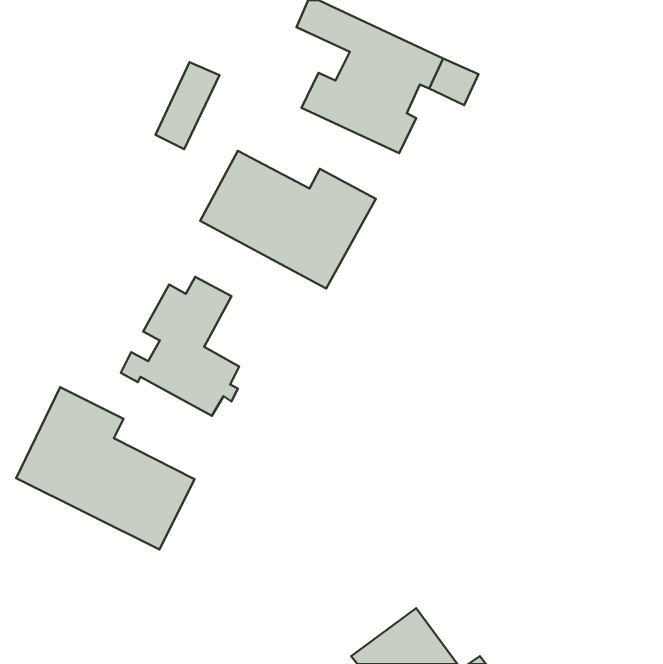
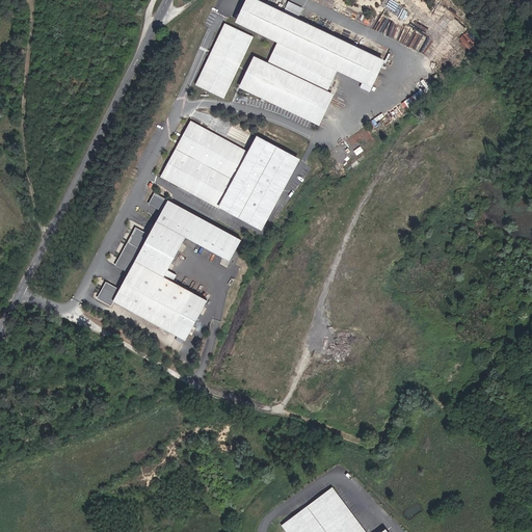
building: [156,62,219,149] -> [200,26,250,96]
building: none -> [156,200,241,261]
building: [16,387,195,550] -> none

